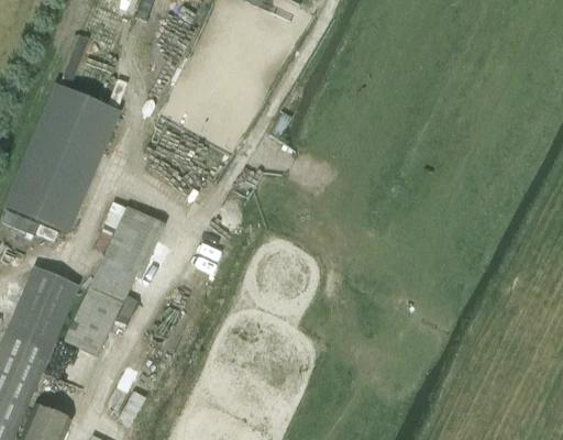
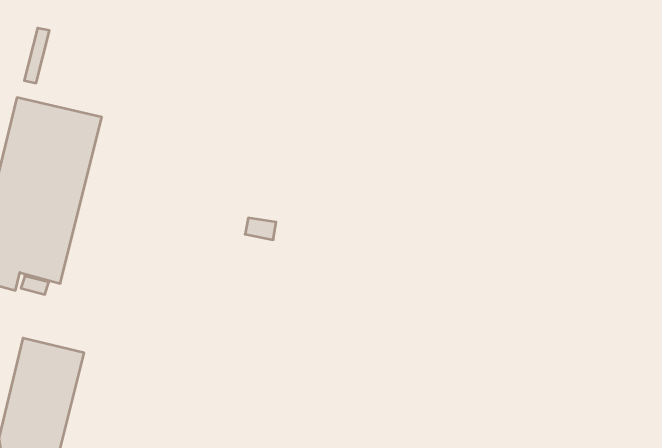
building: [64,206,161,356] -> none

